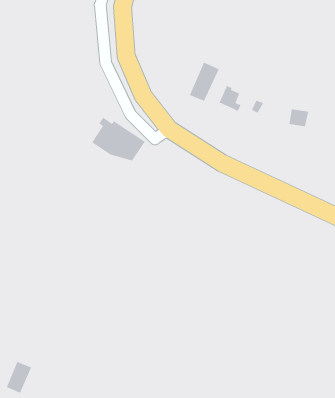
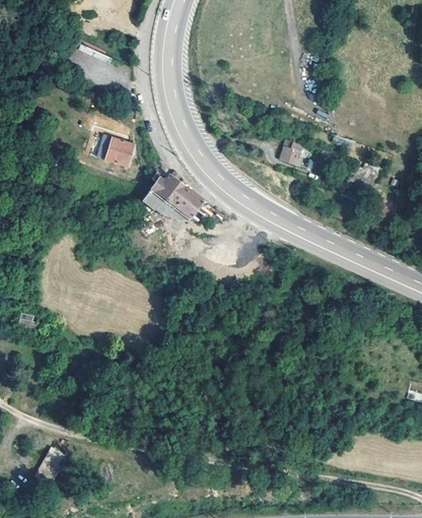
building: [189,61,220,102] -> none
building: none -> [96,137,126,166]

